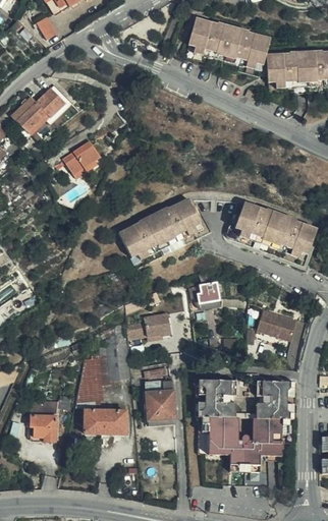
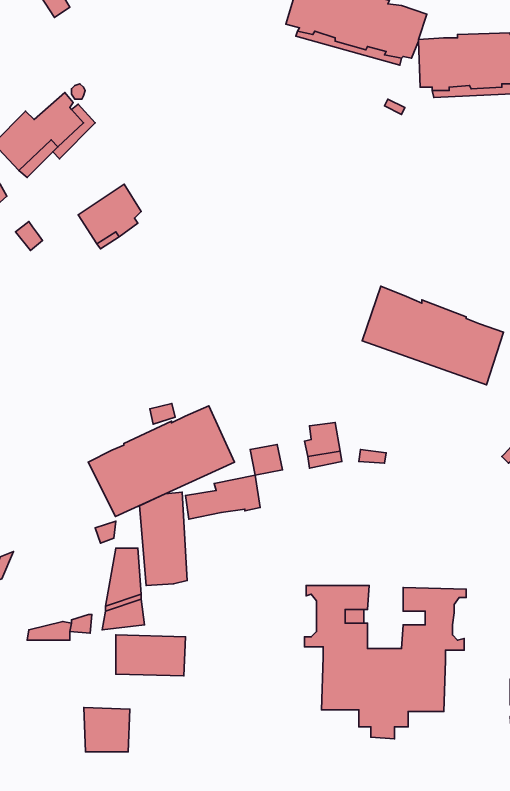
building: [116,197,204,264] -> [88,406,234,517]
building: [256,309,296,340] -> none
building: [146,377,174,424] -> none
building: [30,414,57,441] -> [84,708,130,752]

